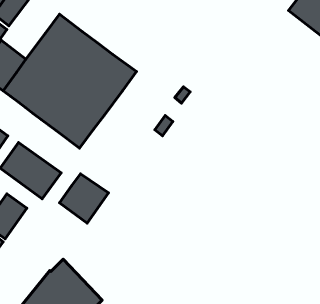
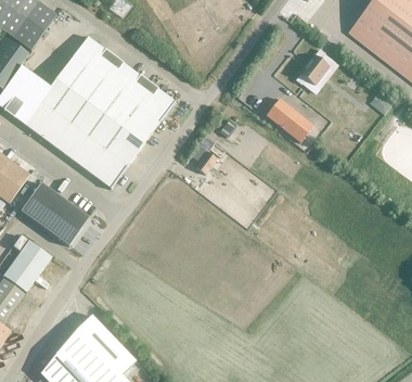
building: none -> [296,49,330,85]
building: none -> [266,99,313,142]
building: [60,174,109,223] -> none

